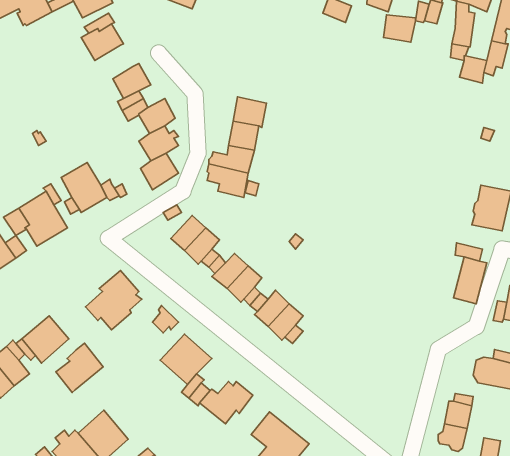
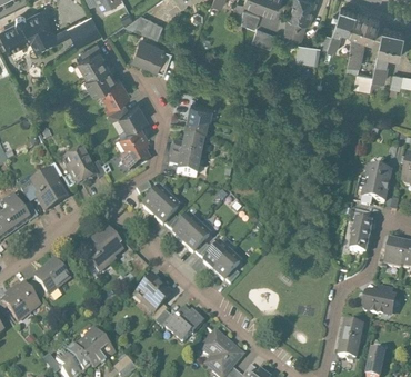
building: none -> [132,39,166,69]
building: none -> [86,65,116,92]
building: [56,343,103,393] -> none

